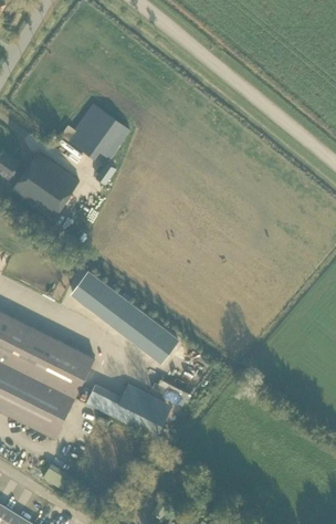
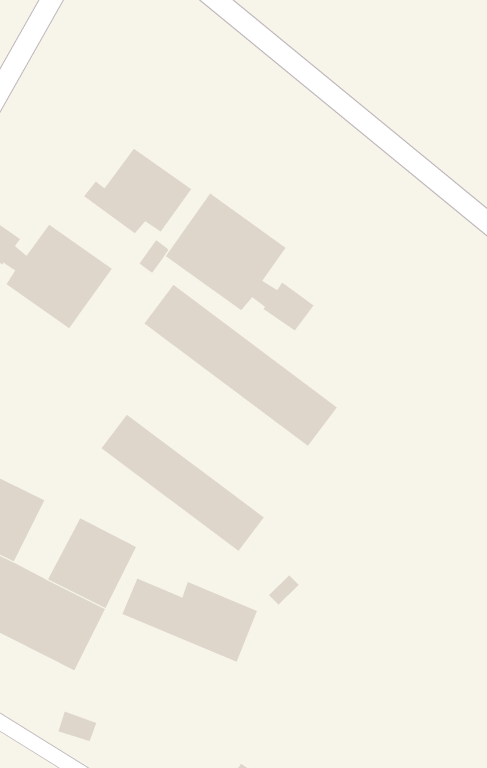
building: none -> [165,193,315,331]
building: none -> [144,284,338,447]
building: [17,331,59,381] -> none

